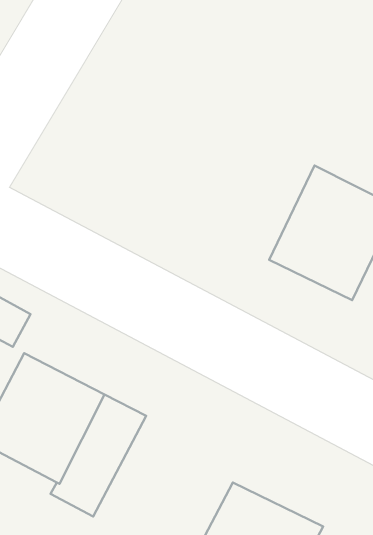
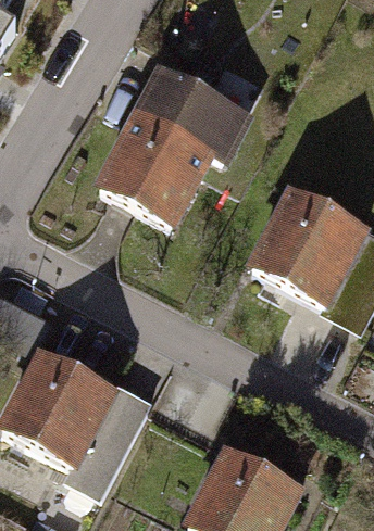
building: none -> [103,67,247,215]

